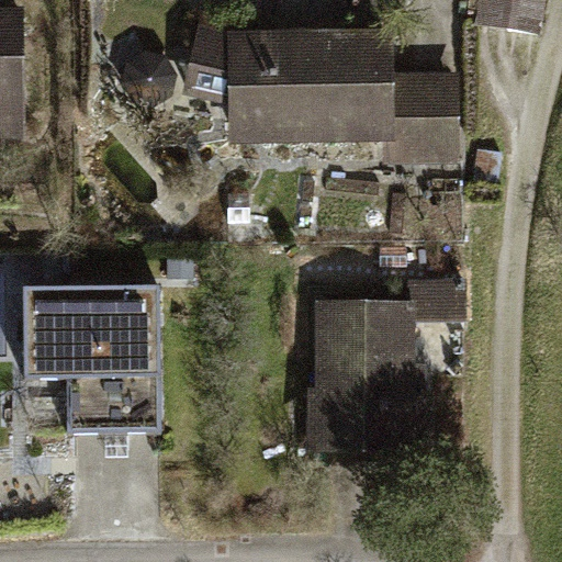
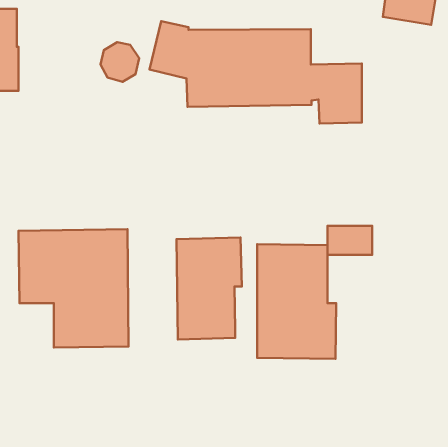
building: none -> [176,238,242,339]

